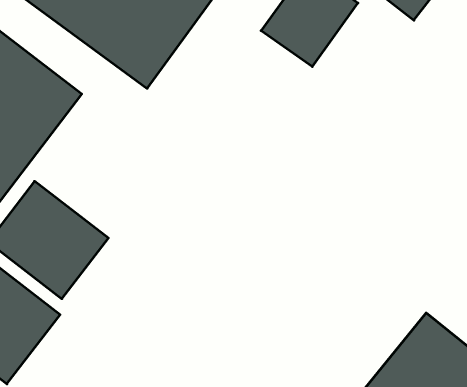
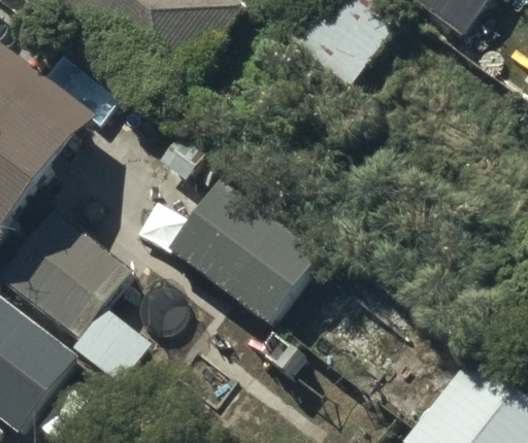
building: none -> [169,178,323,323]

